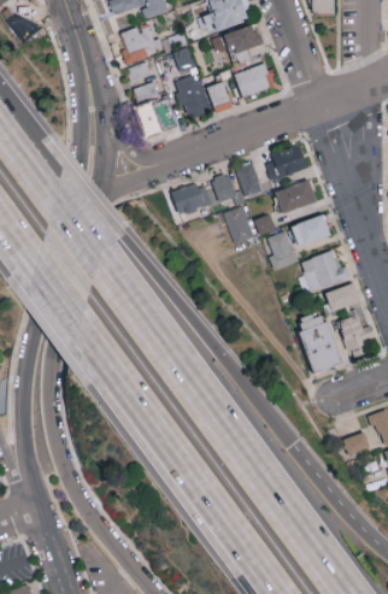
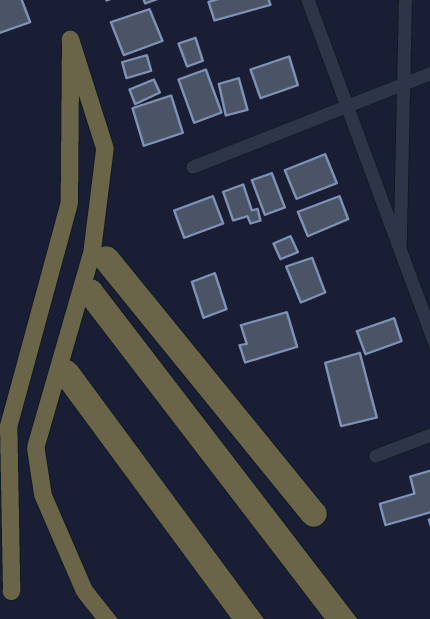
building: [224,22,264,64] -> none
building: [225,206,254,243] -> [192,273,227,318]
building: [290,213,331,247] -> none
building: [300,249,348,292] -> [239,312,297,363]
building: [340,316,377,349] -> none

